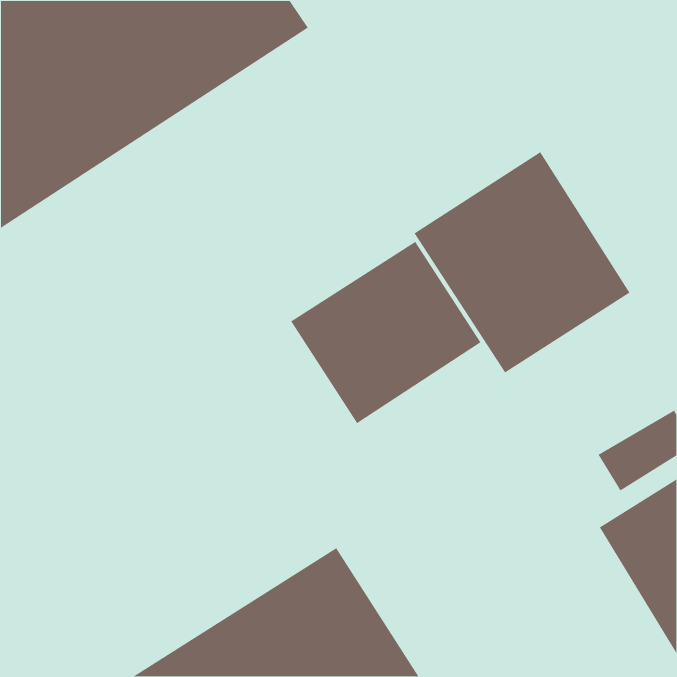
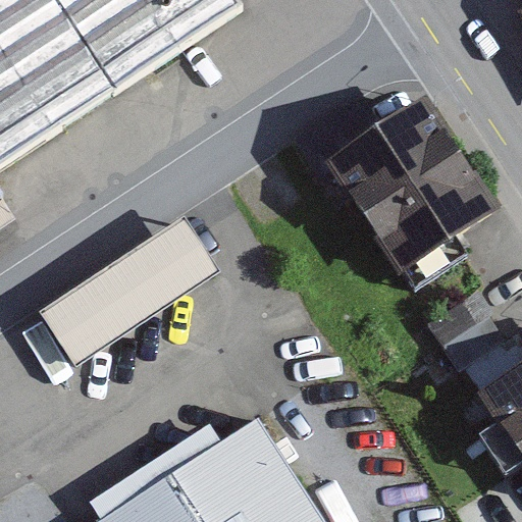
building: [290,241,482,424] -> none
building: none -> [46,206,227,348]

